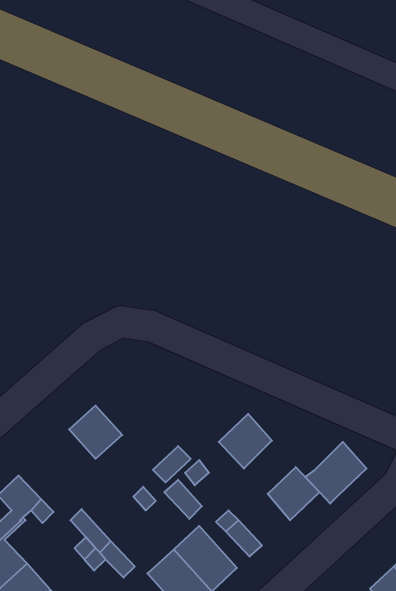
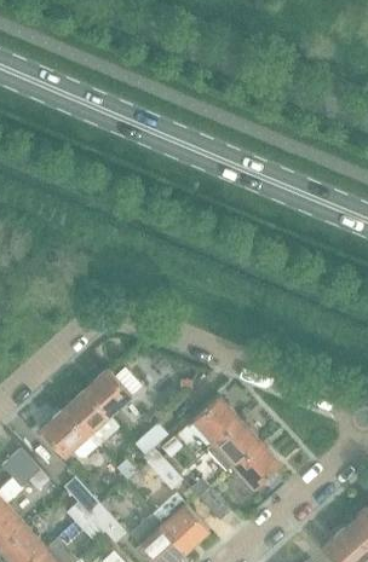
building: none -> [86,369,131,415]
building: none -> [40,410,97,457]
building: [305,442,367,504] -> [206,419,259,473]

